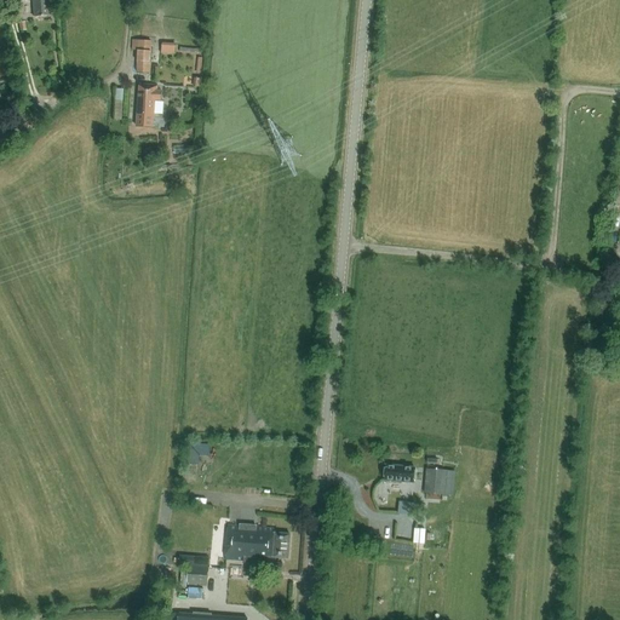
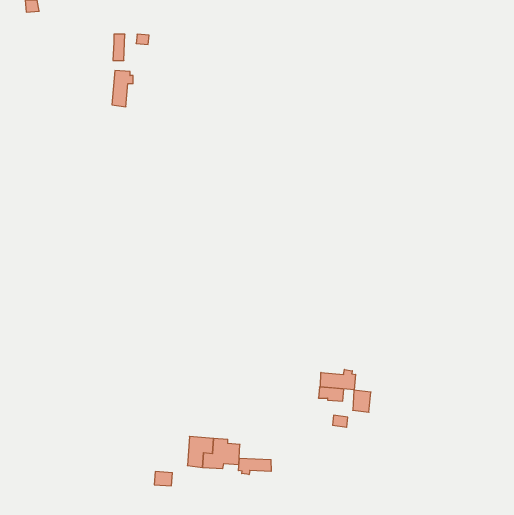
building: none -> [320,369,356,390]
building: none -> [238,458,271,475]

